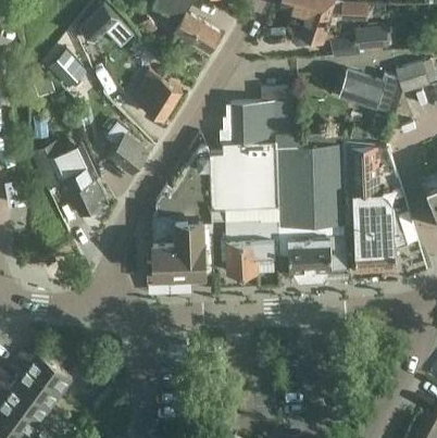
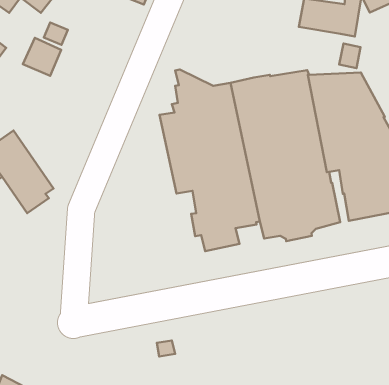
building: [132,71,182,118] -> none
building: [230,87,294,133] -> none
building: [104,122,149,173] -> none
building: [152,148,214,276] -> none

